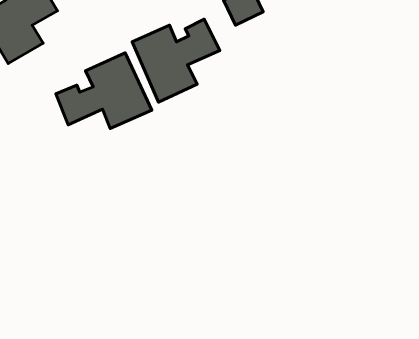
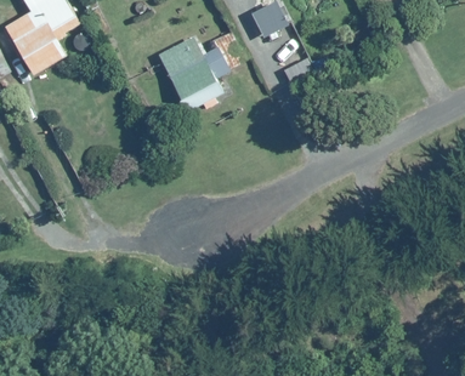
building: [56,53,152,128] -> none

